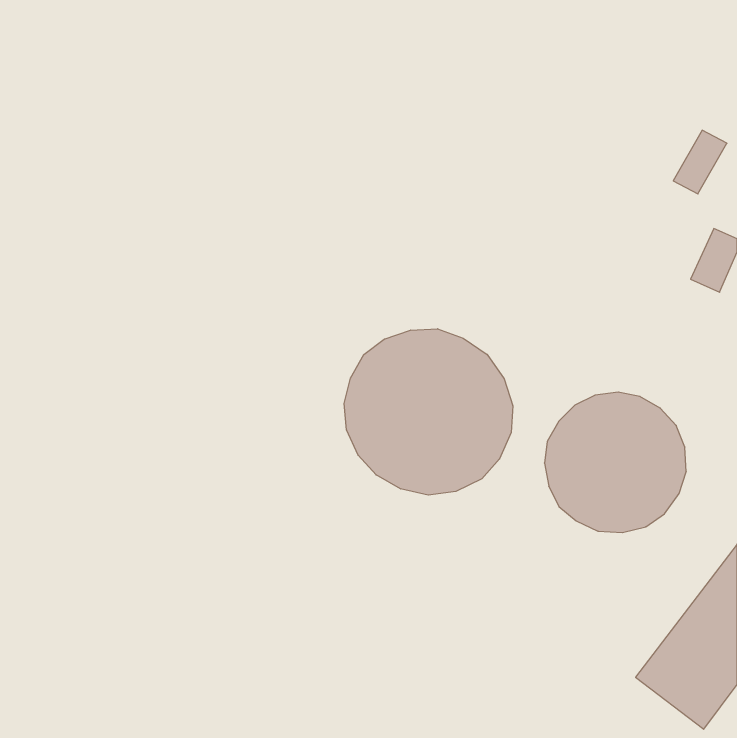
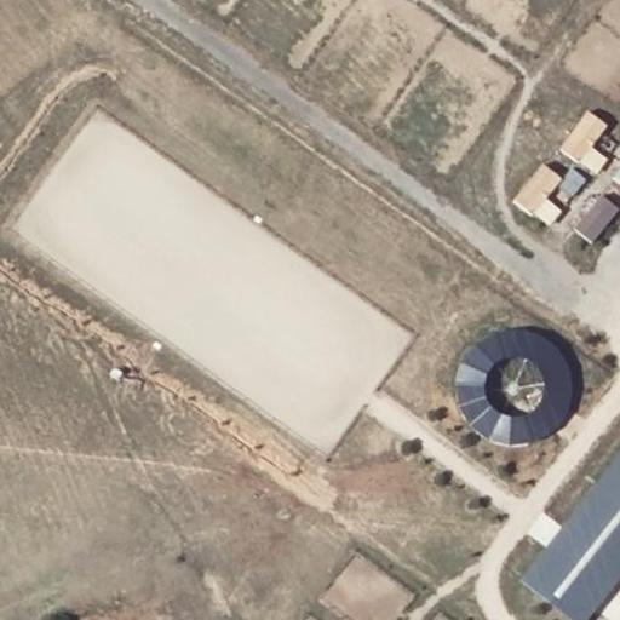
building: none -> [515,163,564,217]
building: [344,329,513,495] -> none

